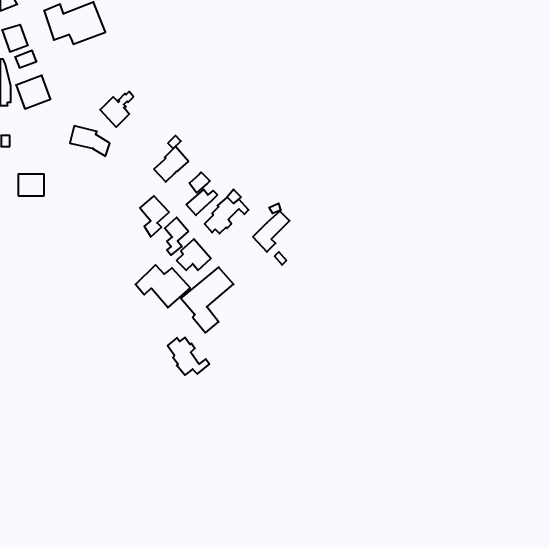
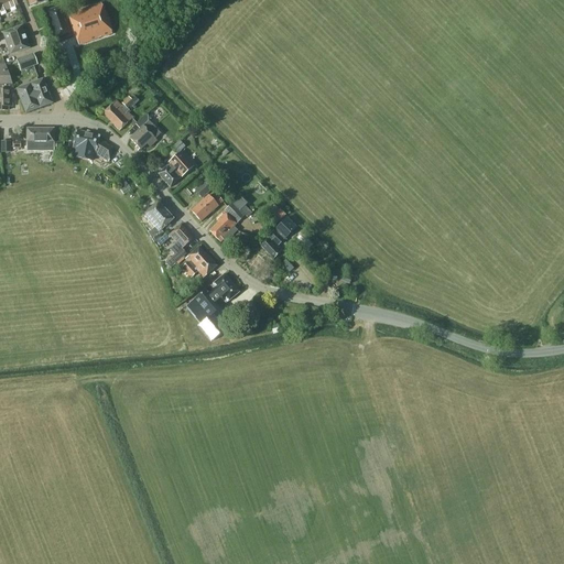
building: none -> [130,113,161,149]
building: [18,174,44,196] -> [28,127,54,149]
building: [135,265,190,308] -> none
building: [168,337,209,375] -> none

